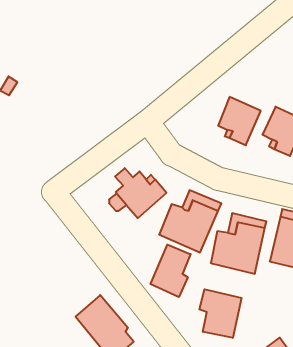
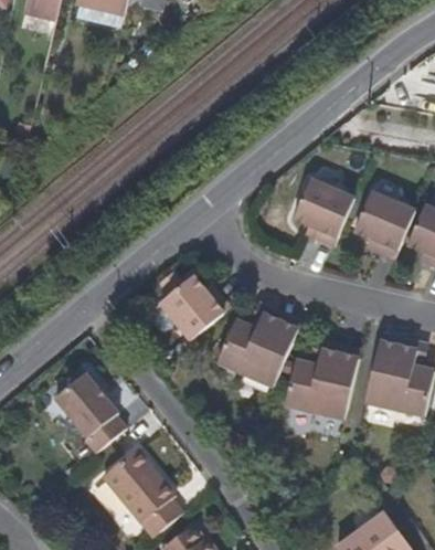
building: none -> [52,371,124,452]
building: [150,245,191,297] -> none
building: [199,289,241,338] -> none

